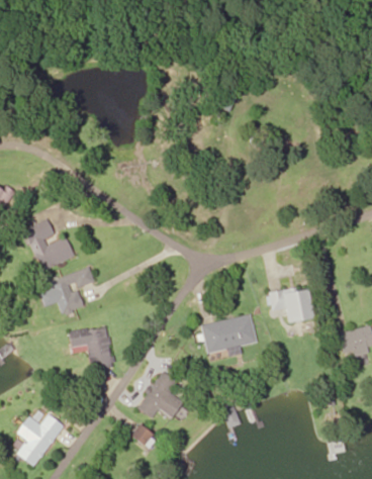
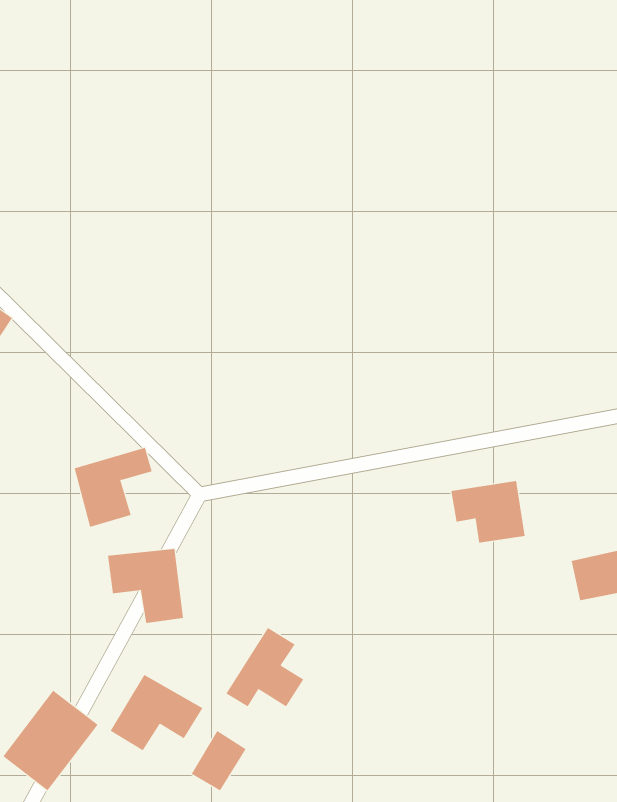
building: [24,218,76,270] -> none
building: [201,314,257,353] -> none
building: none -> [110,674,203,751]

